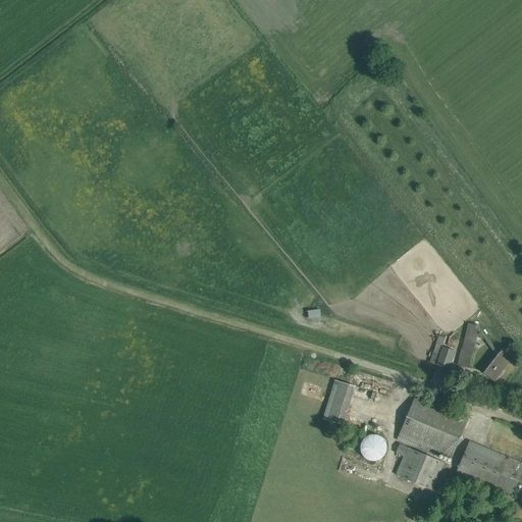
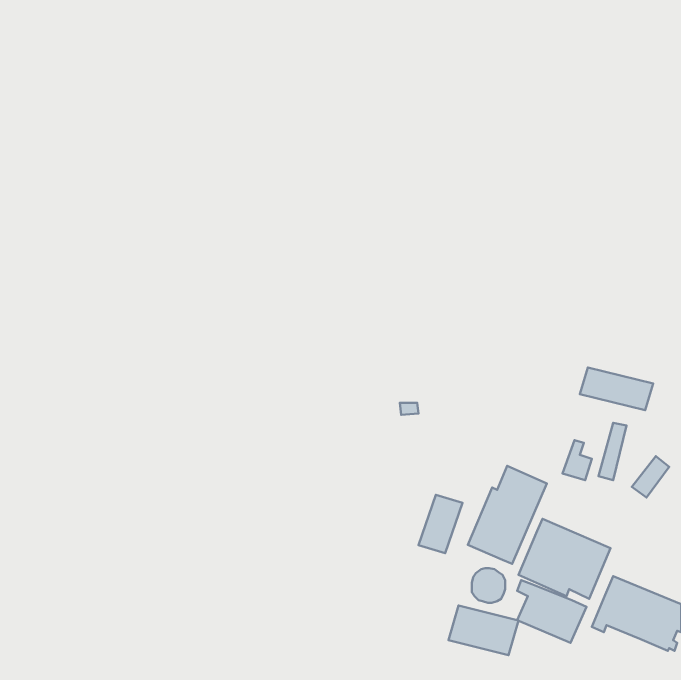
building: none -> [580,367,653,410]
building: none -> [468,466,547,564]
building: none -> [448,606,518,655]

